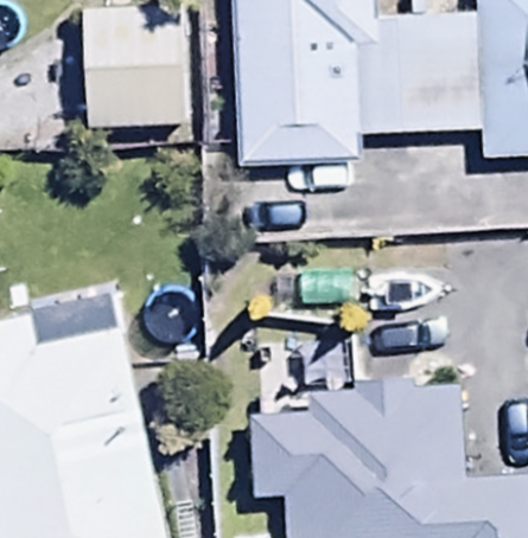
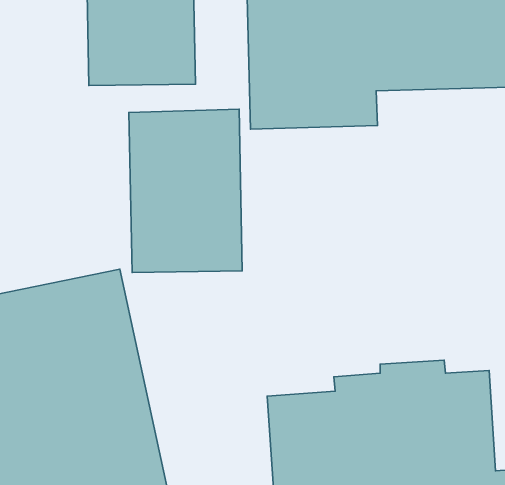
building: none -> [129,109,242,272]

